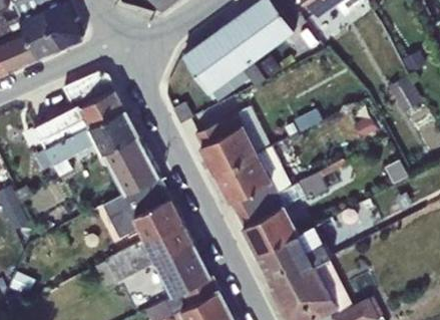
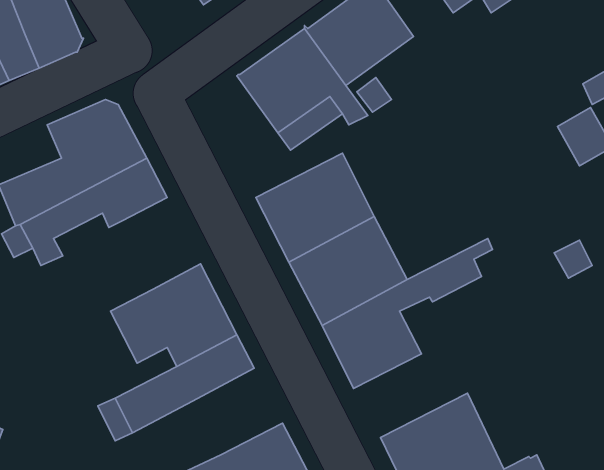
building: [108,133,158,194] -> none
building: [256,226,328,286] -> none
building: [153,242,210,297] -> none

